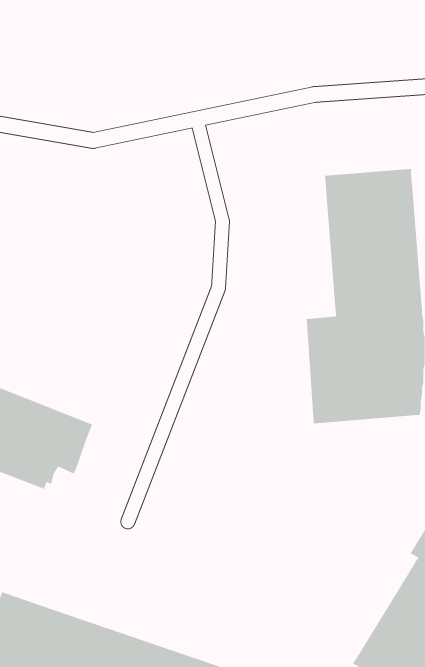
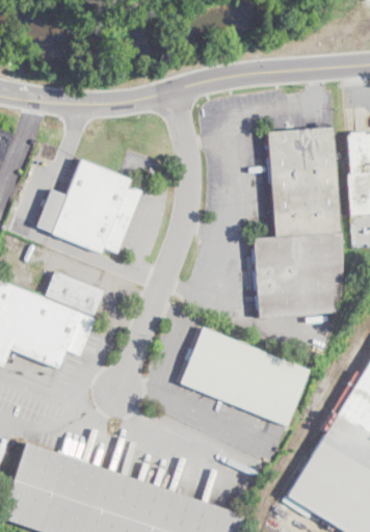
building: none -> [36,160,141,255]
building: none -> [46,272,103,316]
building: none -> [180,327,309,426]

